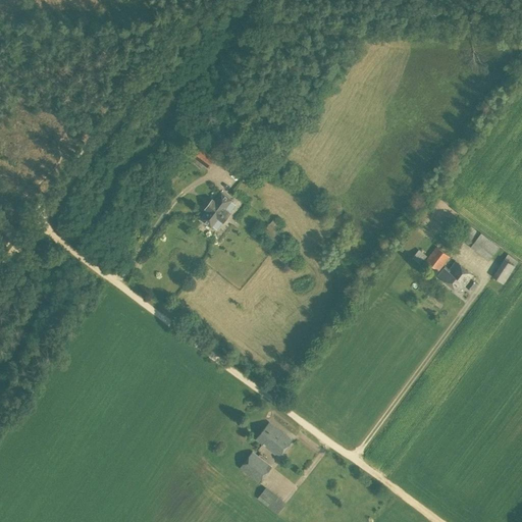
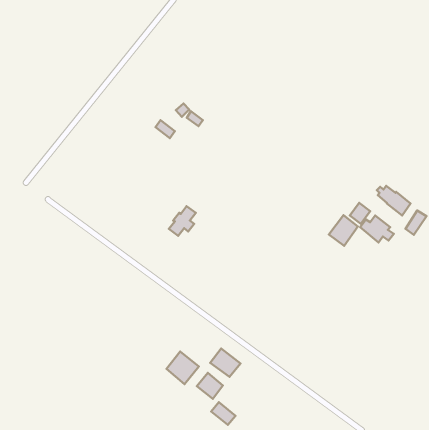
building: [199,192,231,227] -> [169,206,196,236]
building: none -> [329,215,358,246]
building: none -> [167,351,199,384]

